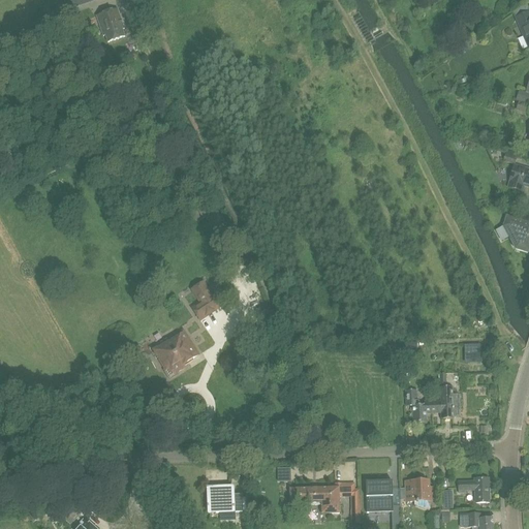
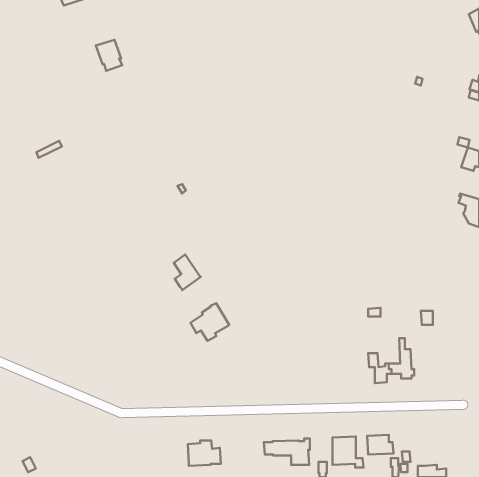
building: [96,7,125,41] -> [96,40,122,71]
building: [156,330,198,371] -> [191,303,229,341]
building: [458,476,489,501] -> none

